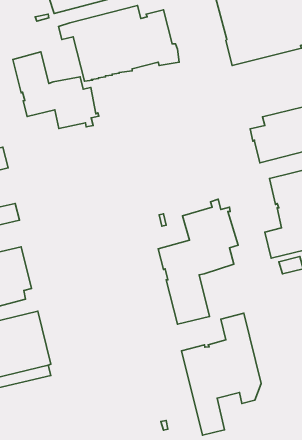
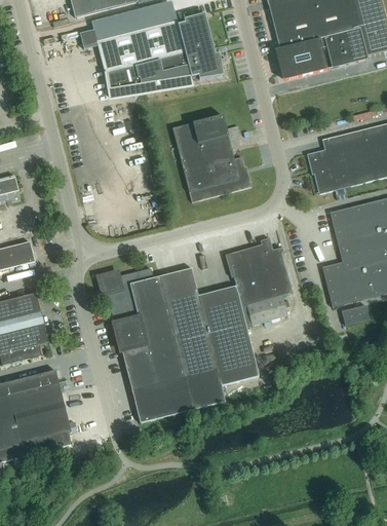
building: [13,52,99,129] -> none
building: none -> [172,114,251,201]
building: none -> [102,267,225,422]
building: [182,313,261,435] -> none

